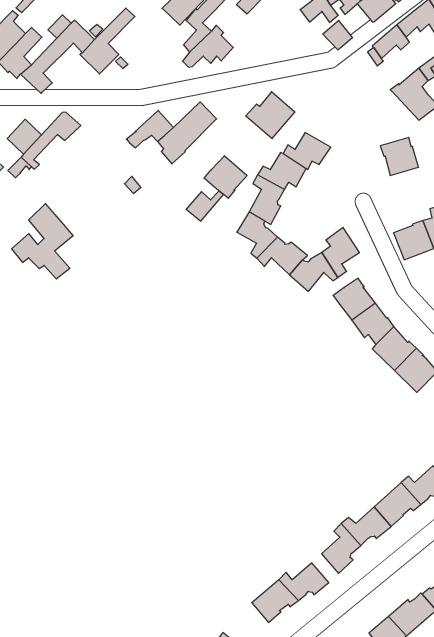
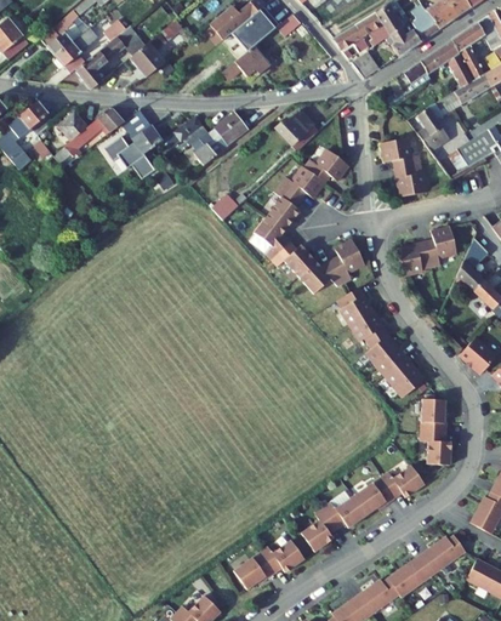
building: none -> [381,137,420,169]
building: [204,156,247,198] -> none
building: [12,204,73,279] -> [104,109,161,178]

